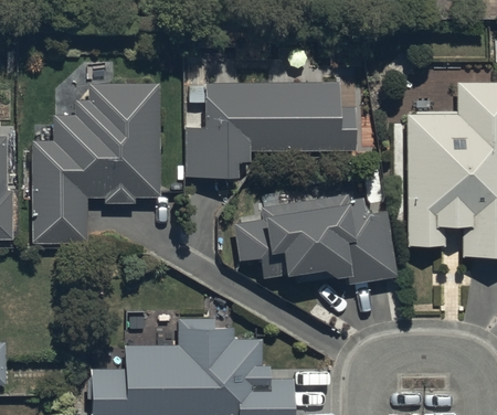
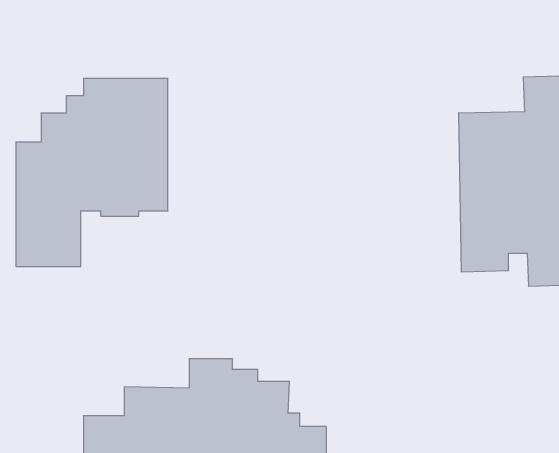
building: [186,83,355,180] -> none
building: [233,194,395,286] -> none

